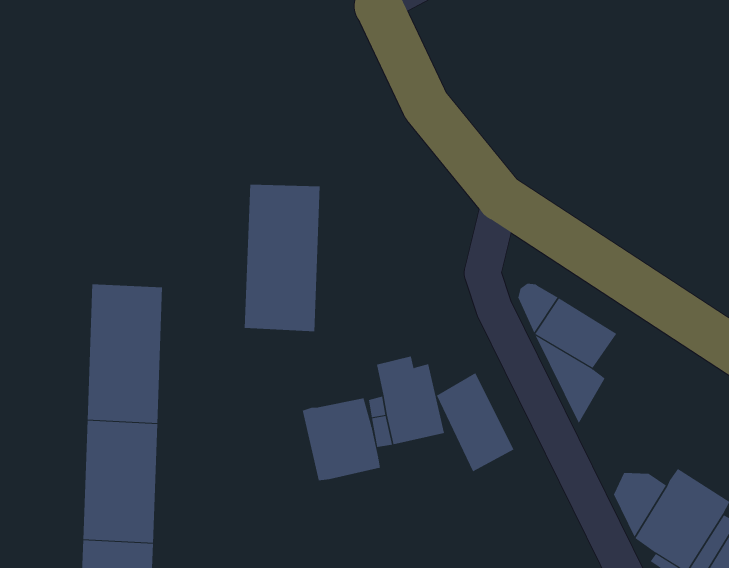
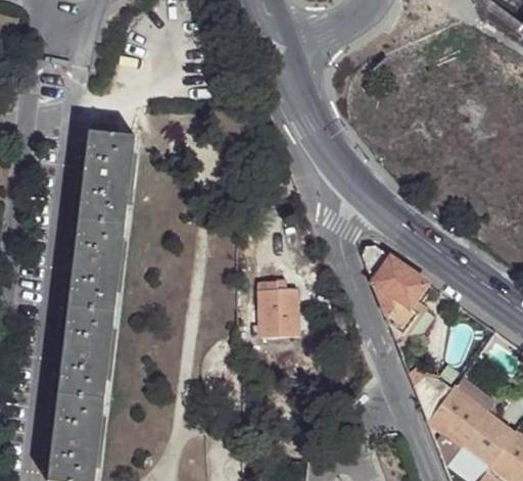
building: [244,184,321,332] -> [77,128,136,231]
building: [436,372,514,472] -> none
building: [302,397,380,481] -> none

